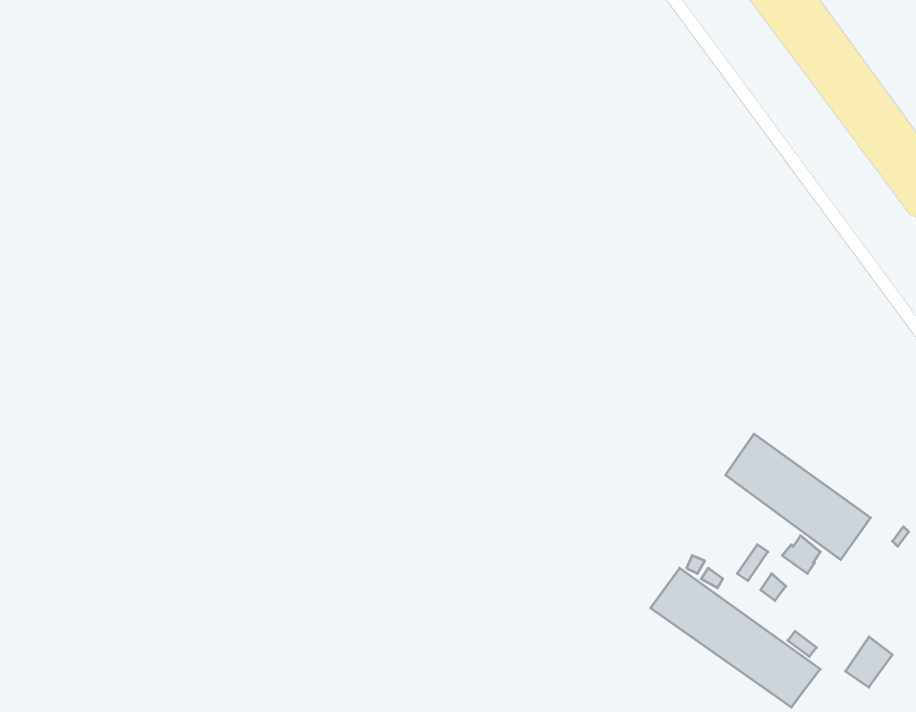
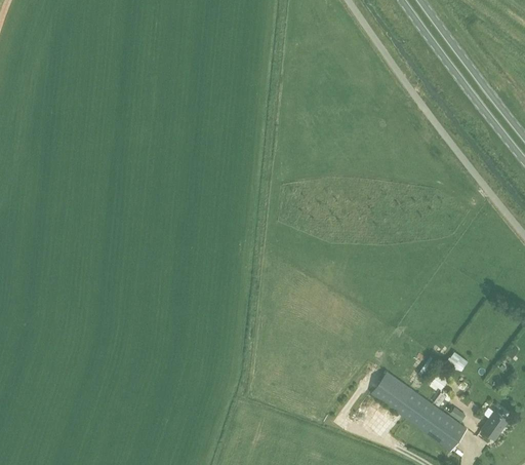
building: [726,434,871,560] -> none

